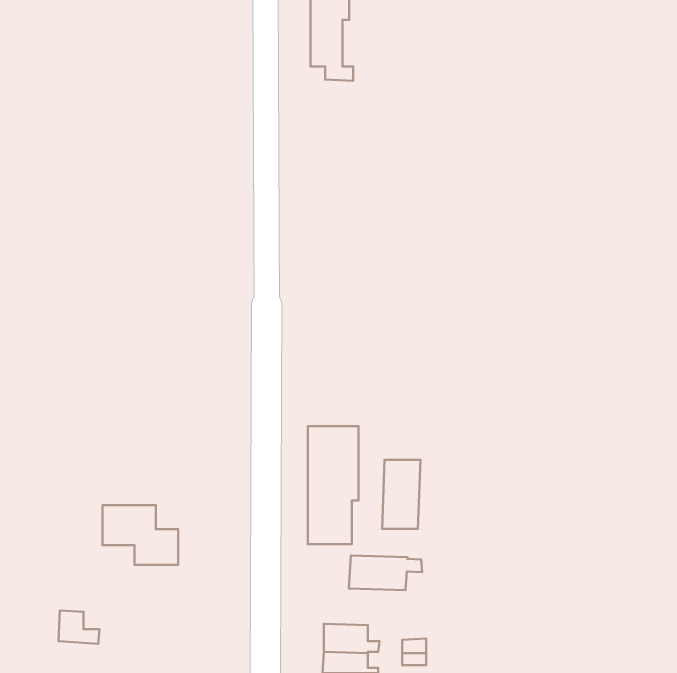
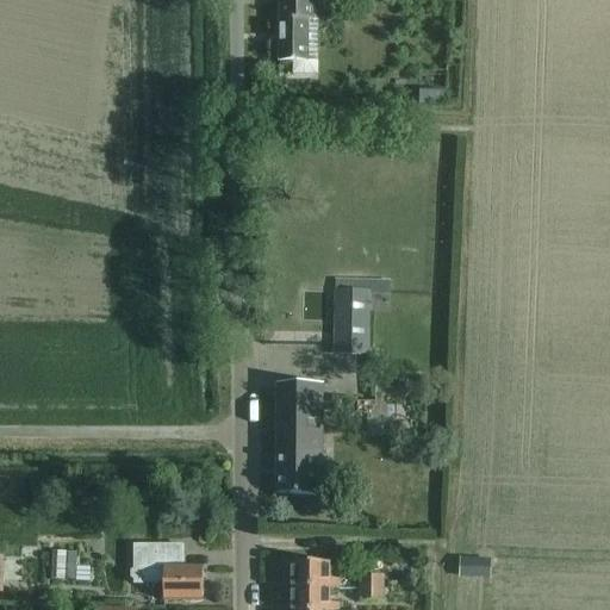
building: [382,460,421,529] -> [336,288,371,350]
building: [103,505,178,565] -> [135,543,203,597]
building: [349,556,422,590] -> none

